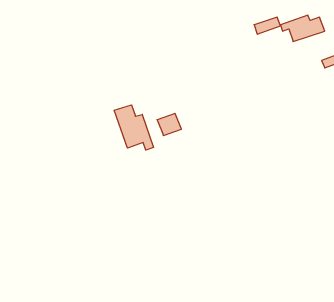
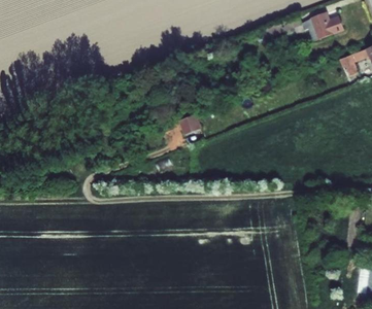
building: [114,105,153,150] -> none

